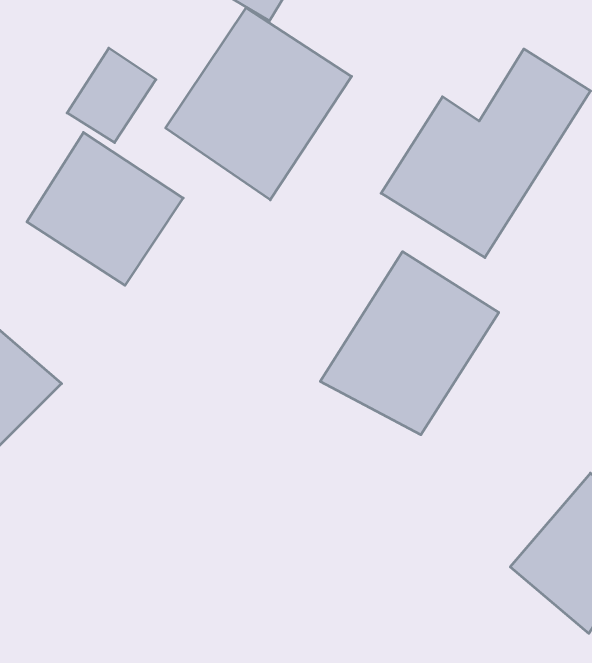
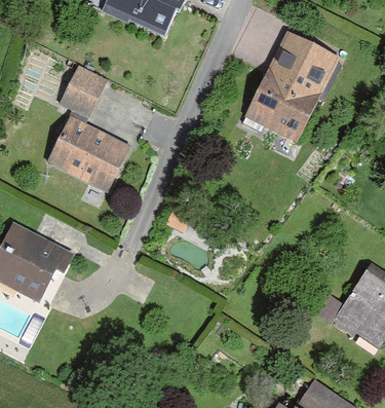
building: [166,8,352,200] -> none
building: [320,252,499,435] -> none

